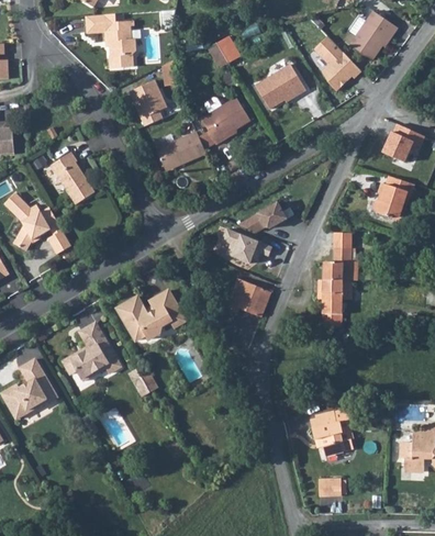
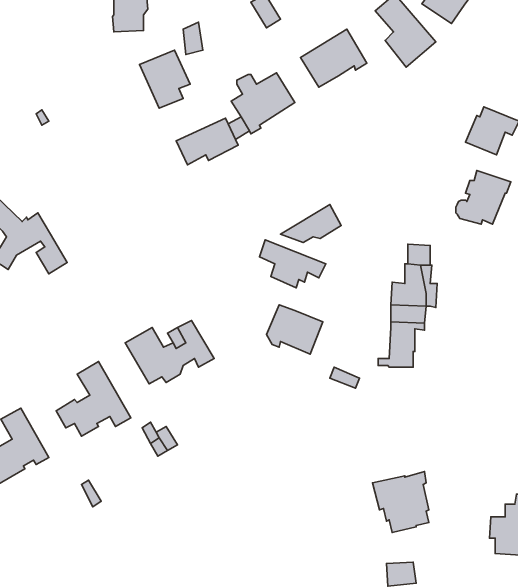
building: [49,152,93,204] -> none

